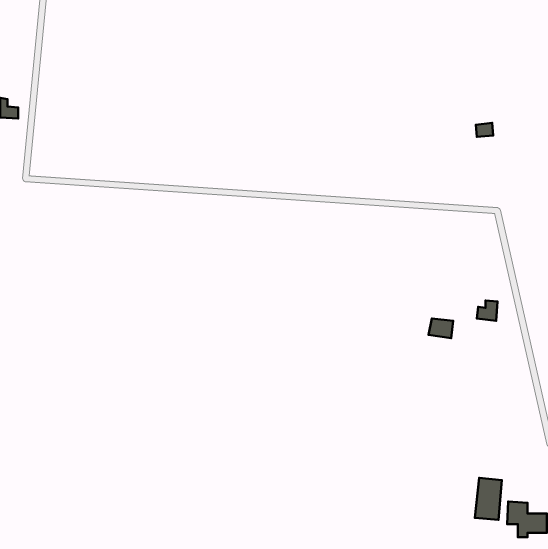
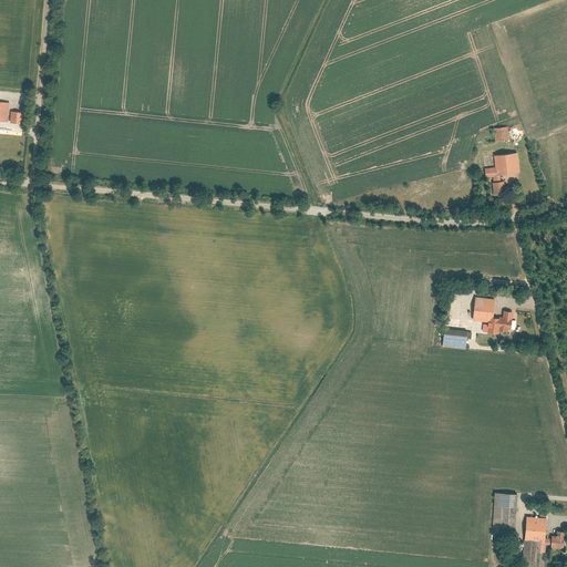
building: none -> [483,153,520,195]
building: none -> [472,298,495,336]

